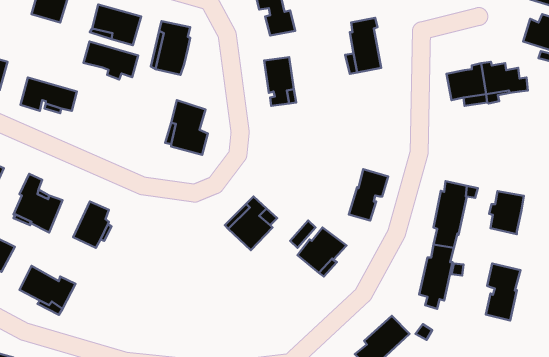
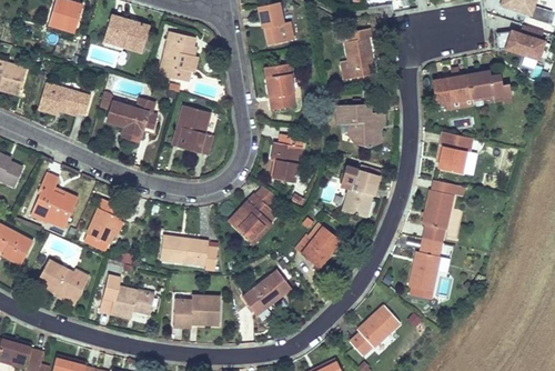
building: [83,41,138,80] -> [107,101,158,137]
building: none -> [336,104,383,148]
building: none -> [271,134,303,182]
building: [489,191,524,234] -> [436,133,468,173]
building: none -> [160,235,209,264]
building: [486,263,521,321] -> none
building: none -> [242,269,291,314]
building: none -> [104,275,153,318]
building: none -> [173,295,220,327]

